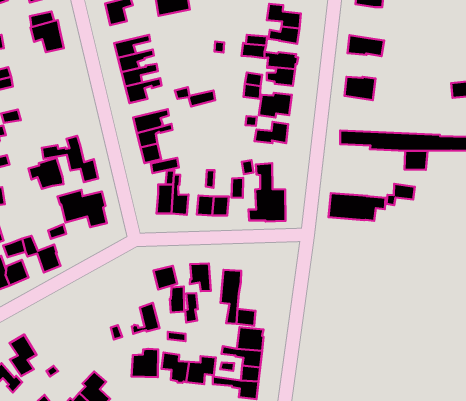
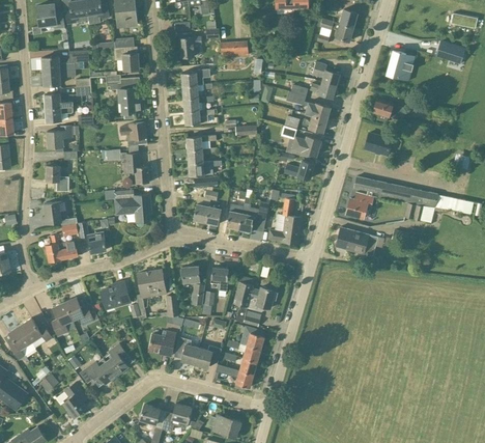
building: none -> [106,75,141,113]
building: none -> [345,192,377,219]
building: [28,158,64,189] -> [119,121,146,145]
building: none -> [137,269,165,298]
building: none -> [249,287,276,312]
building: none -> [99,281,130,309]
building: none -> [65,297,97,326]

